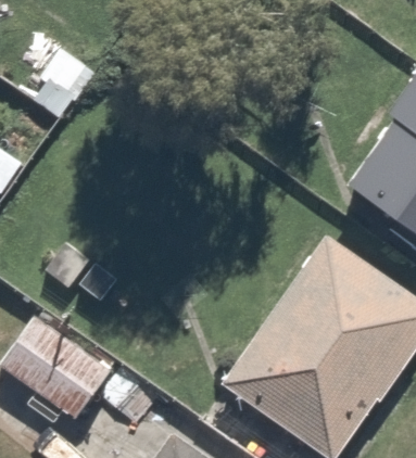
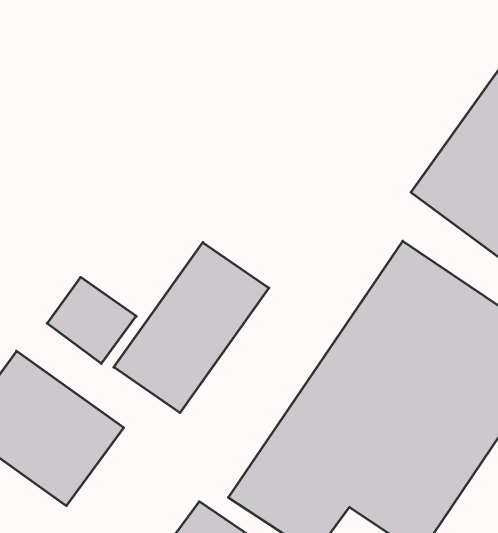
building: none -> [114,242,269,413]

